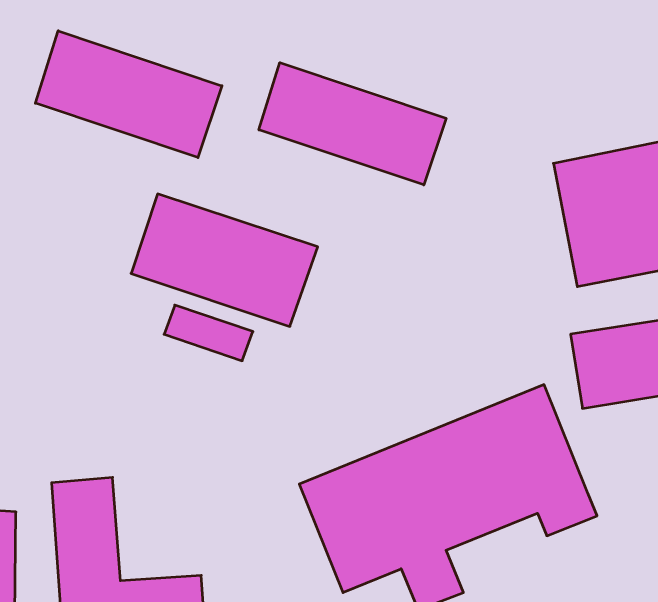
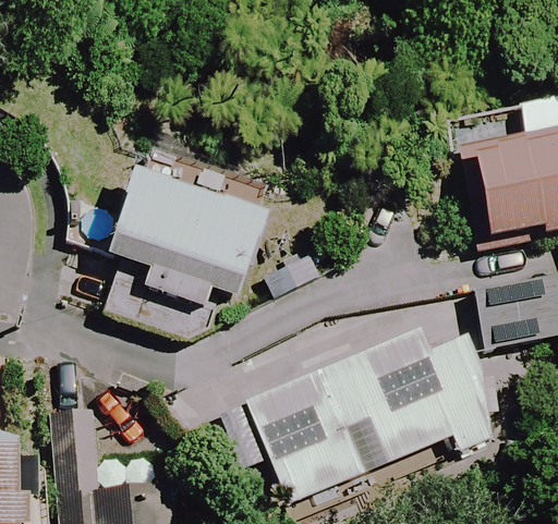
building: [35,31,222,158] -> none
building: [259,63,446,185] -> none

